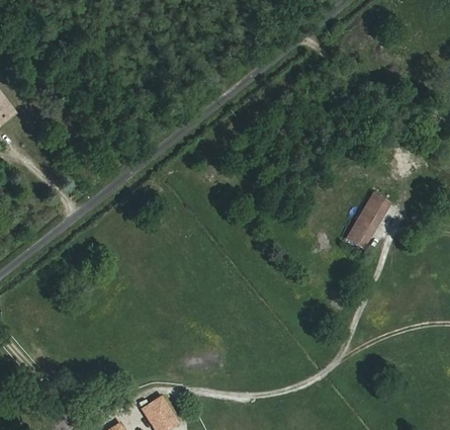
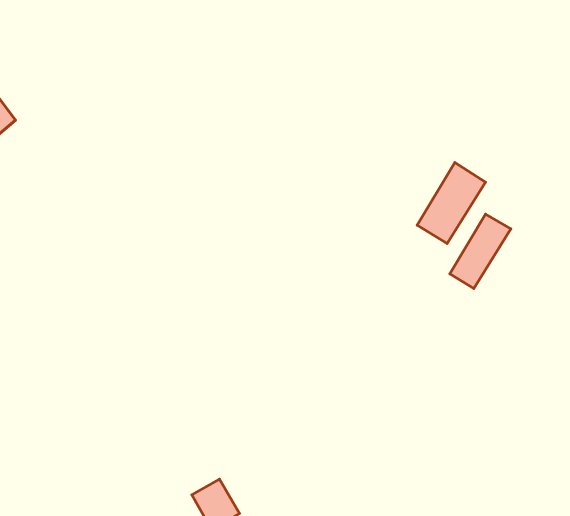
building: none -> [417,163,486,244]

